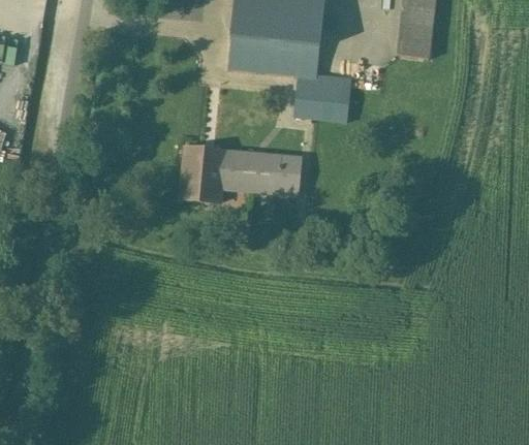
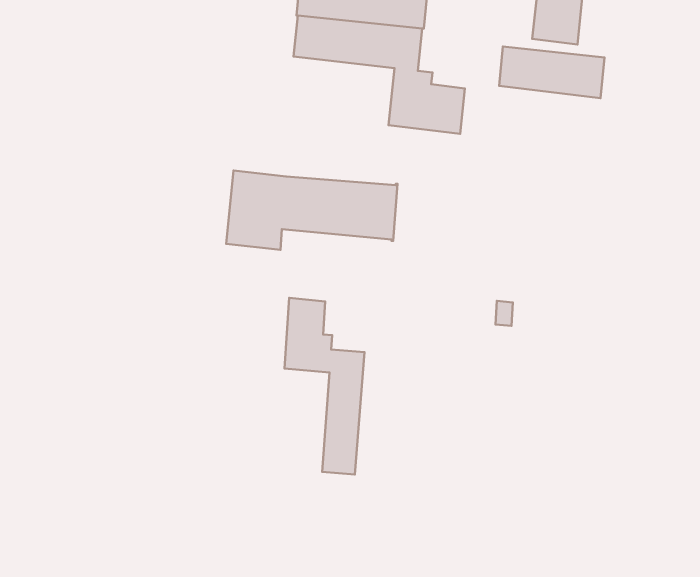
building: none -> [499,46,604,98]
building: none -> [284,298,365,474]

